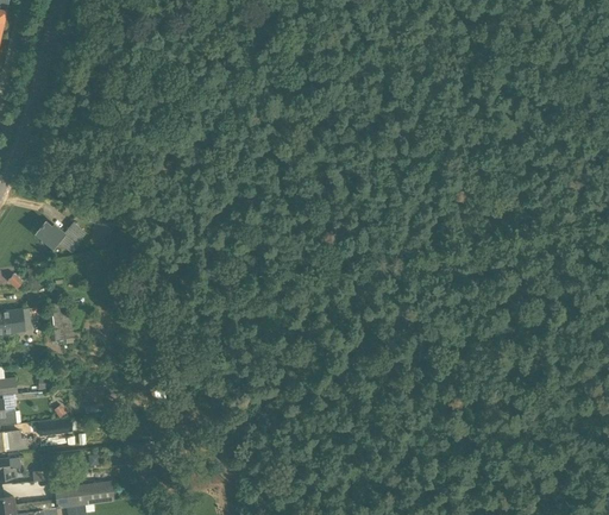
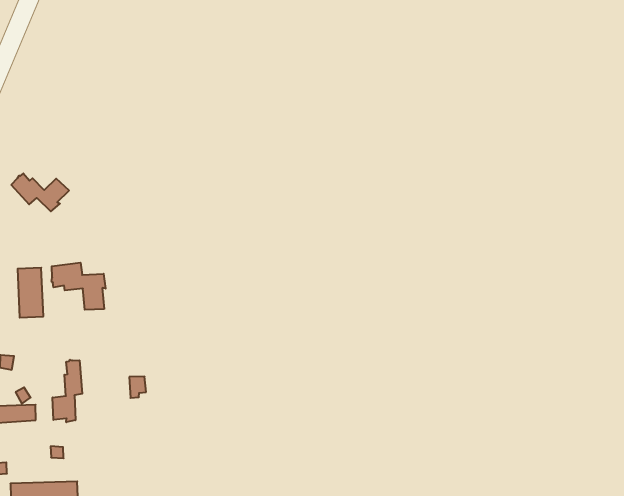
building: none -> [52,263,106,310]
building: none -> [53,360,82,422]

